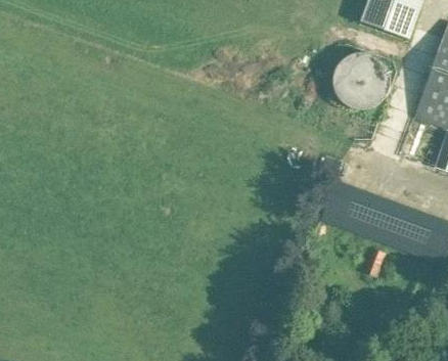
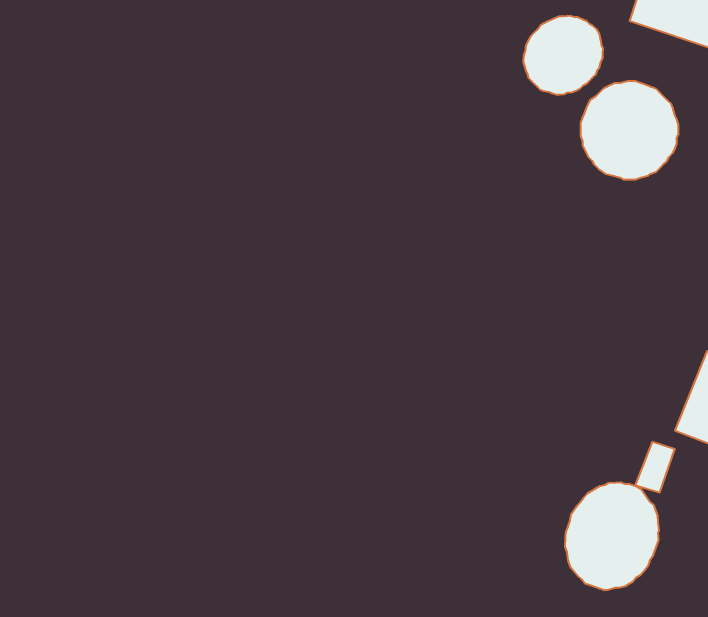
building: none -> [524,16,603,95]
building: none -> [565,482,659,590]

